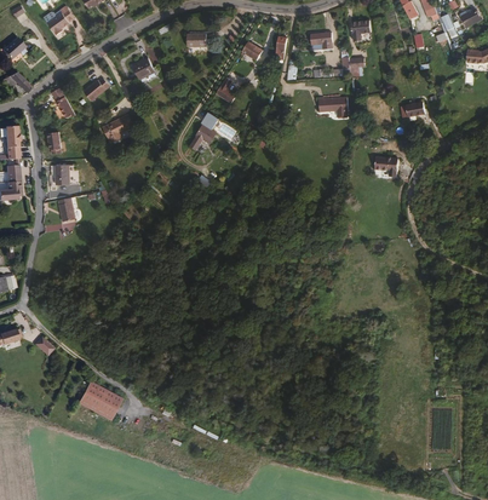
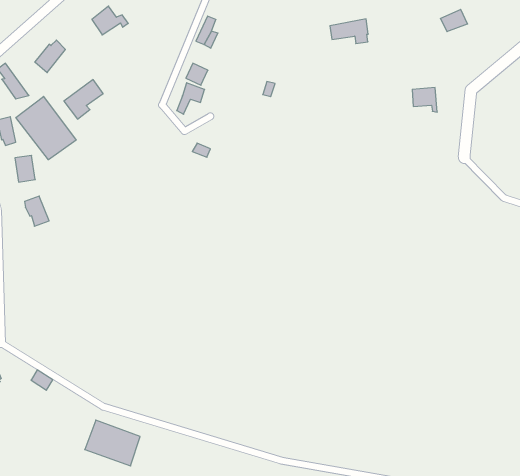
building: none -> [16,96,76,160]

